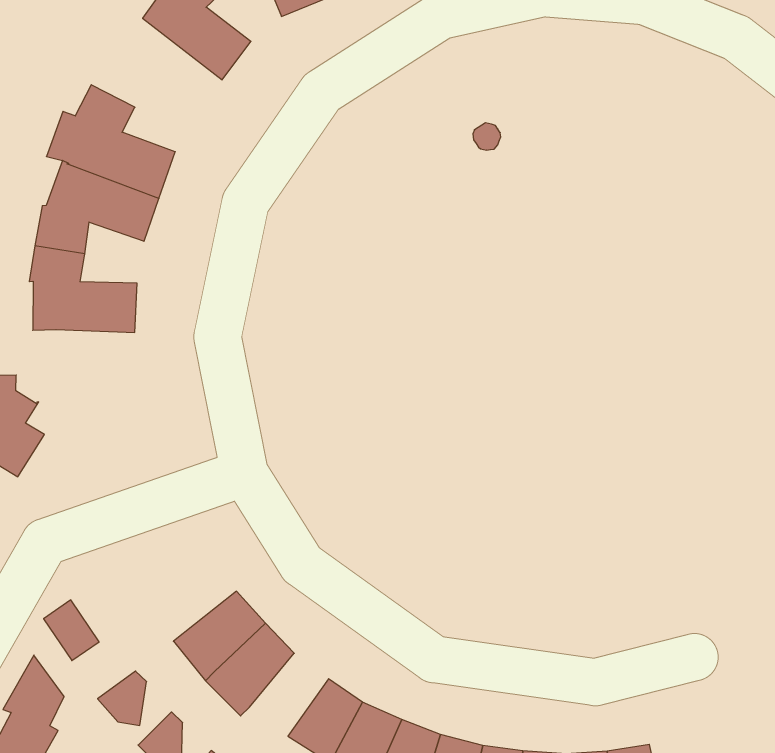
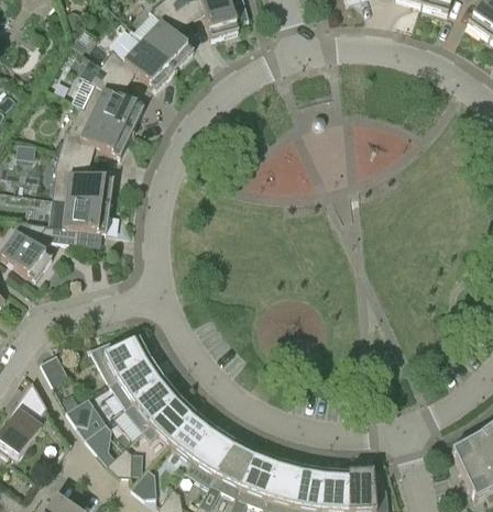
building: none -> [100,29,174,90]
building: none -> [39,199,109,243]
building: none -> [90,337,150,382]
building: none -> [142,397,196,443]

